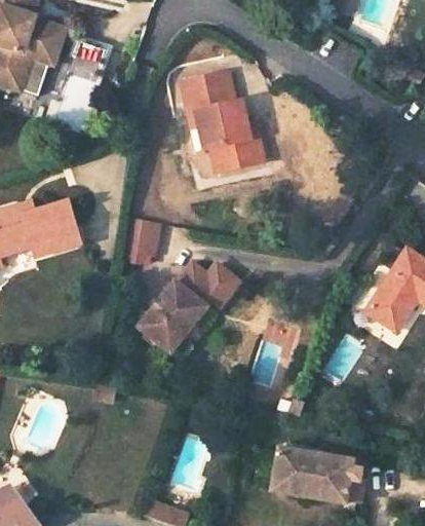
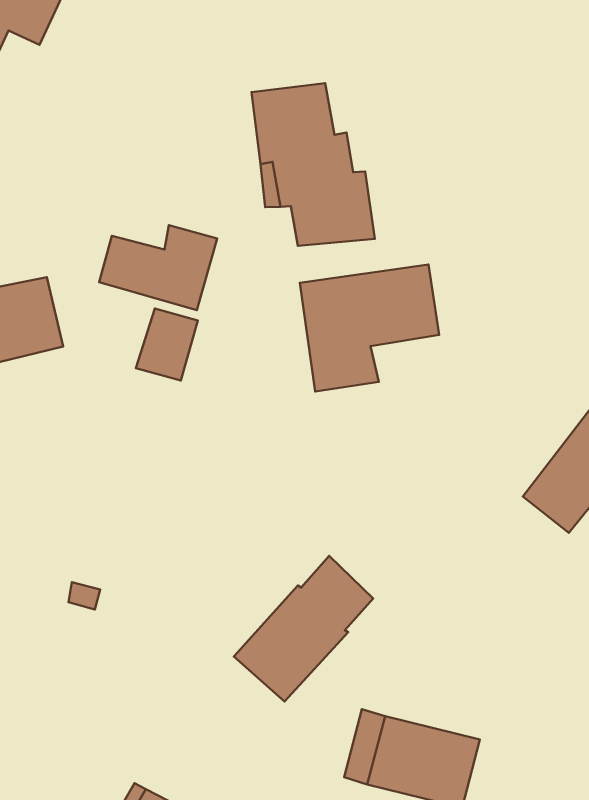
building: none -> [99,225,217,310]
building: none -> [300,265,439,391]
building: [140,261,221,351] -> [234,556,373,702]

